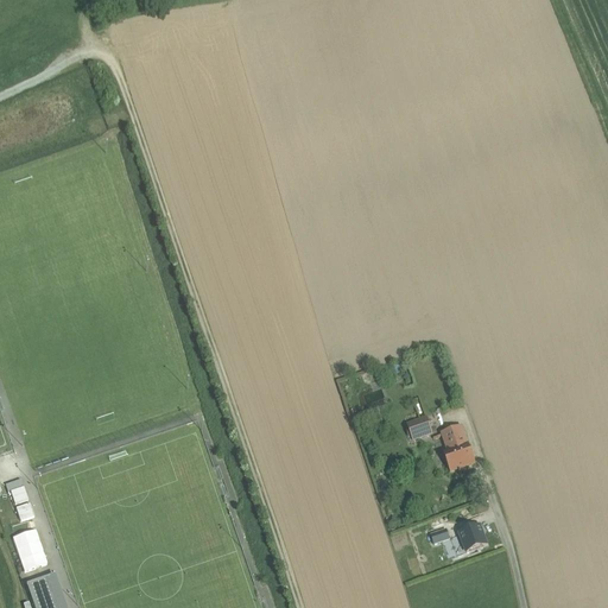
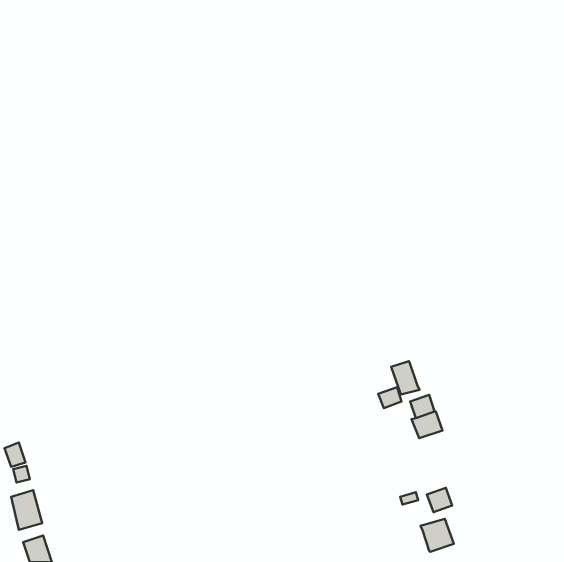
building: none -> [391,361,419,395]
building: none -> [420,519,454,552]

